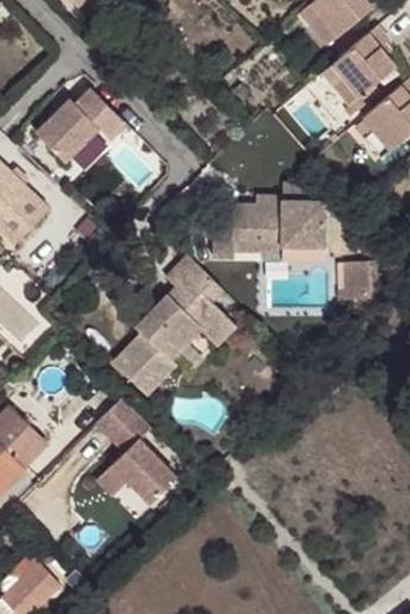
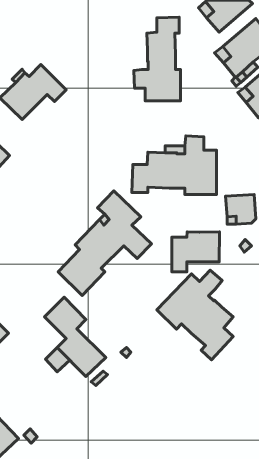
building: none -> [134,17,181,101]
building: none -> [172,232,220,272]
building: none -> [157,270,233,360]

